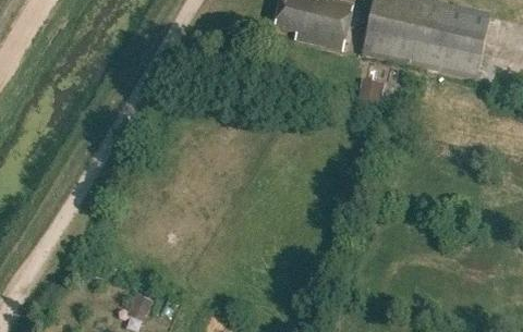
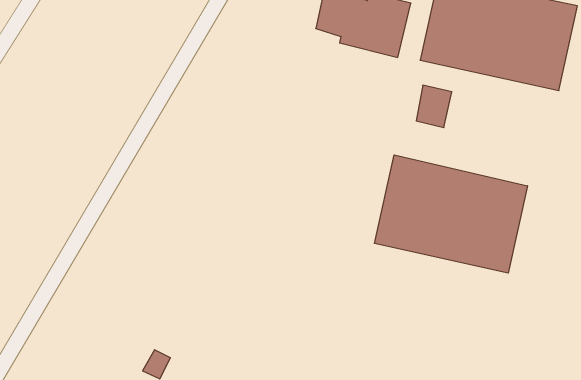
building: none -> [375,155,527,273]

